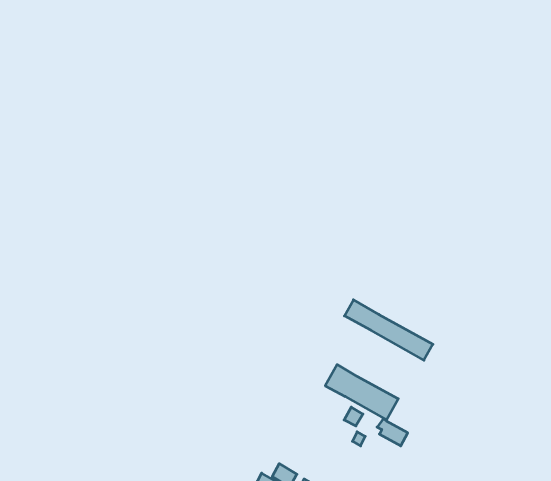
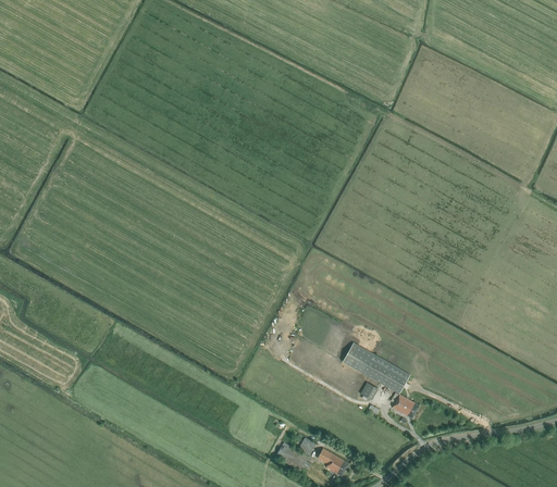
building: [344,300,433,360] -> none

